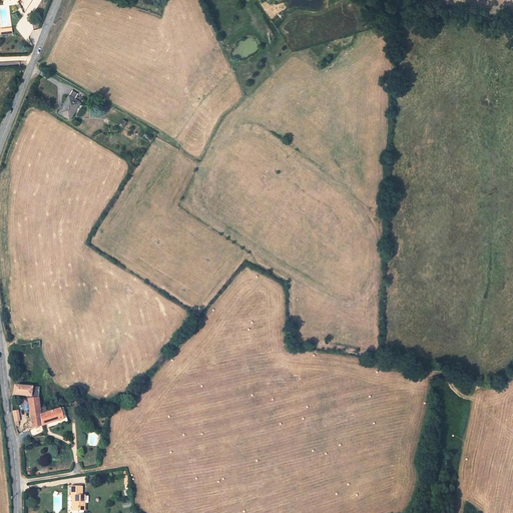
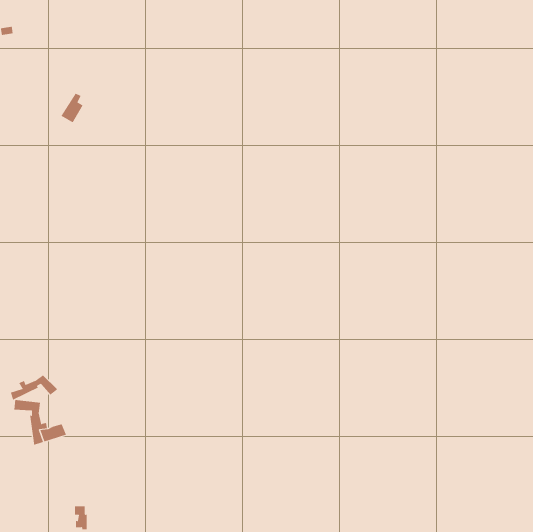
building: none -> [10,374,58,400]

